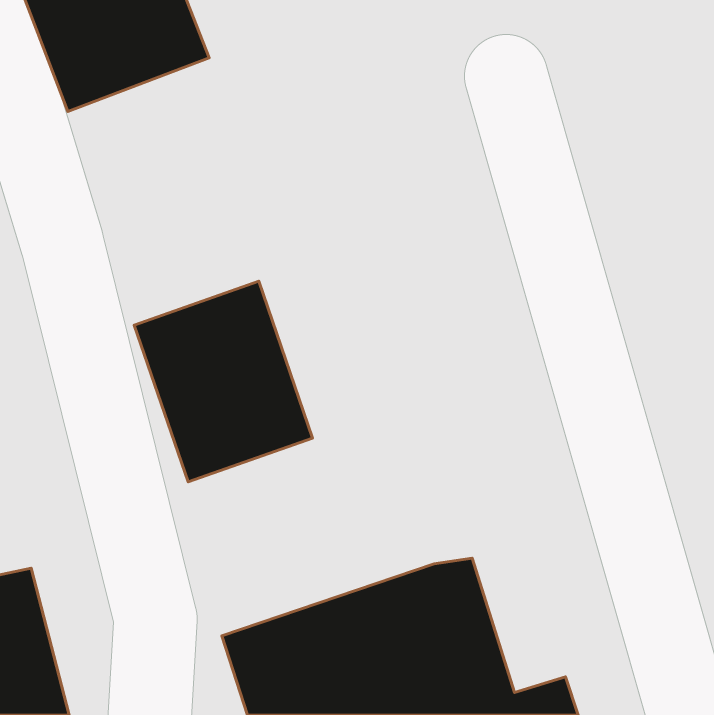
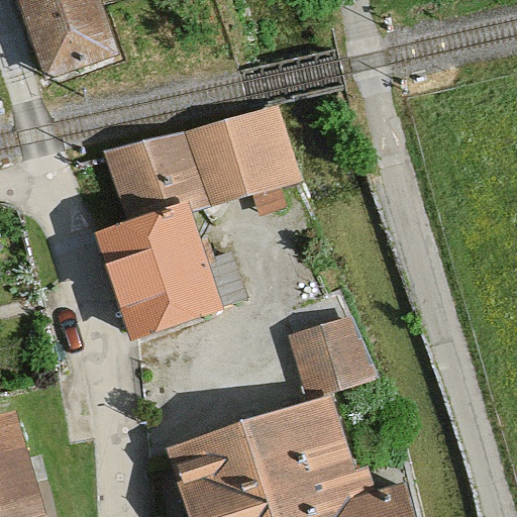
building: none -> [105,120,276,214]
building: none -> [283,307,365,403]

